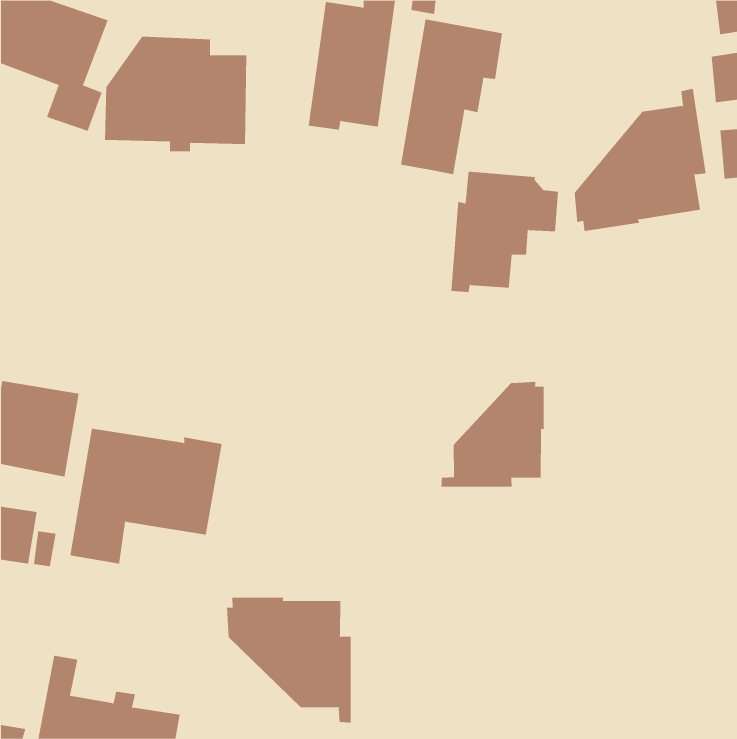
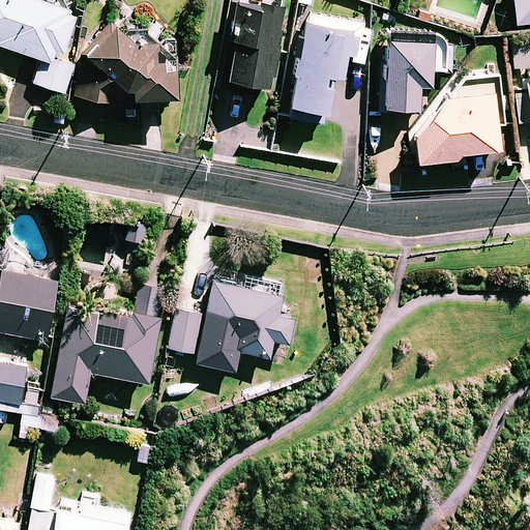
building: [450,171,559,293] -> [377,28,454,115]
building: [441,381,544,487] -> none
building: none -> [170,281,294,358]
building: [227,597,351,723] -> none

